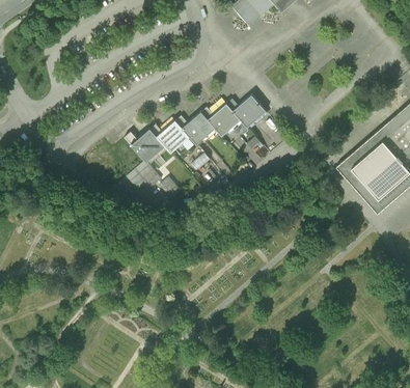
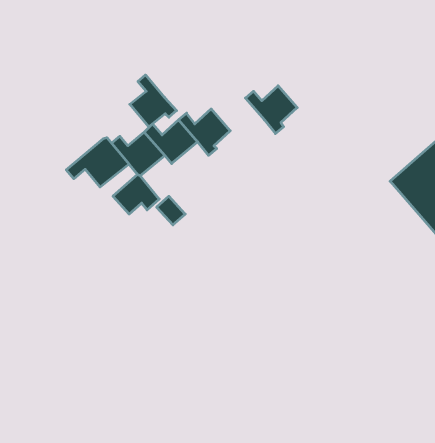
building: none -> [130,75,177,127]
building: [200,104,241,137] -> none
building: none -> [66,138,129,187]

